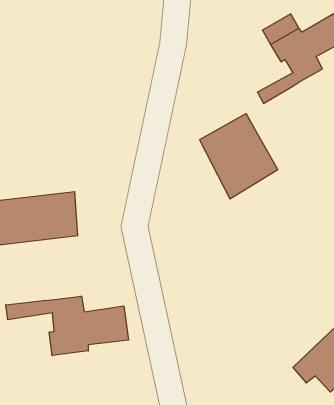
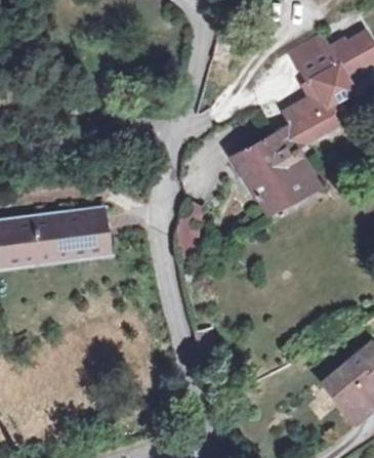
building: none -> [278,103,337,152]
building: [6,296,128,356] -> none

